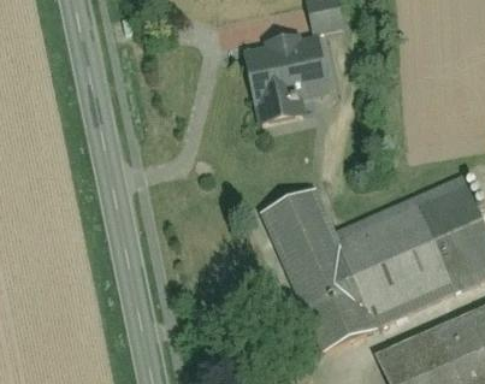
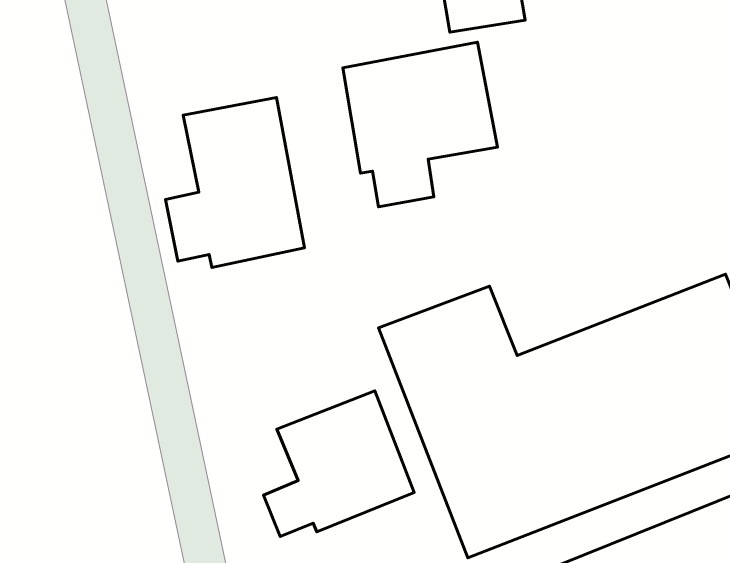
building: none -> [166,97,305,268]
building: none -> [263,391,414,537]

